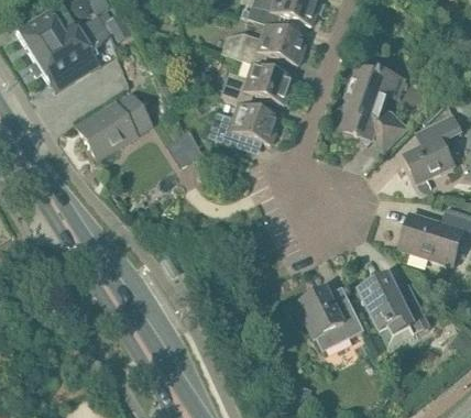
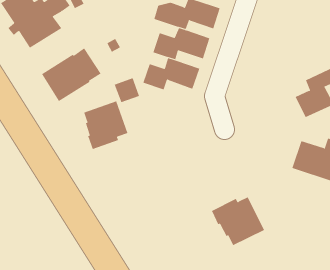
building: [338,67,407,149] -> none
building: none -> [83,101,128,150]
building: [360,274,429,347] -> none

